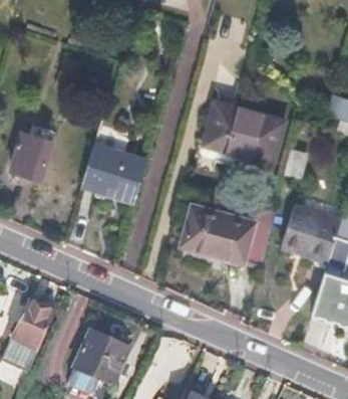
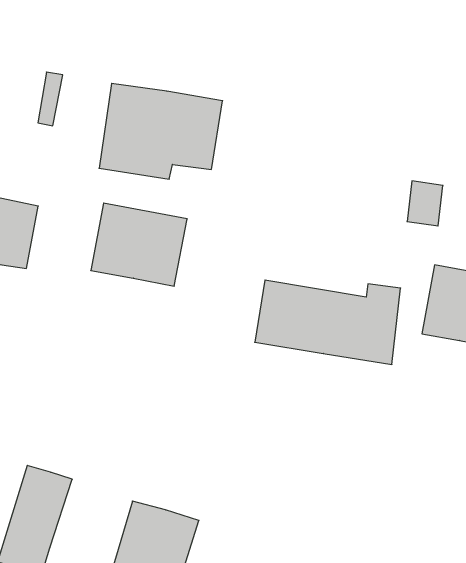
building: [199,102,281,166] -> [99,83,223,179]

